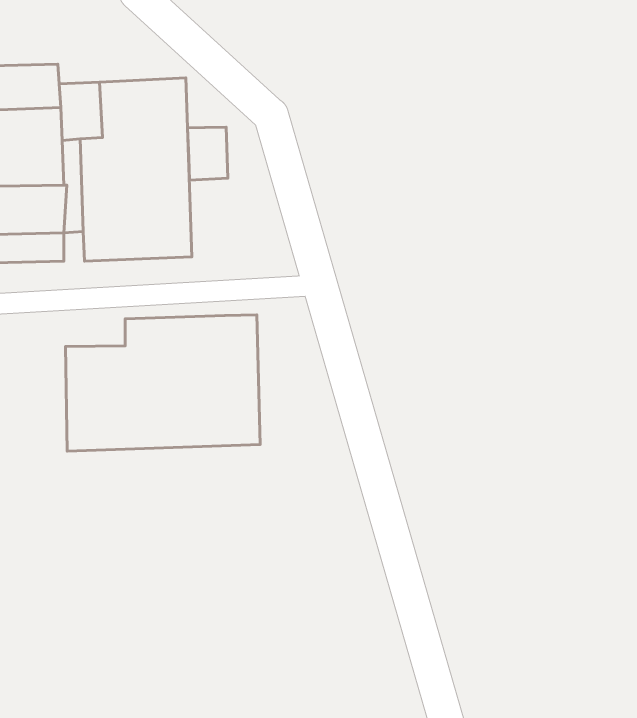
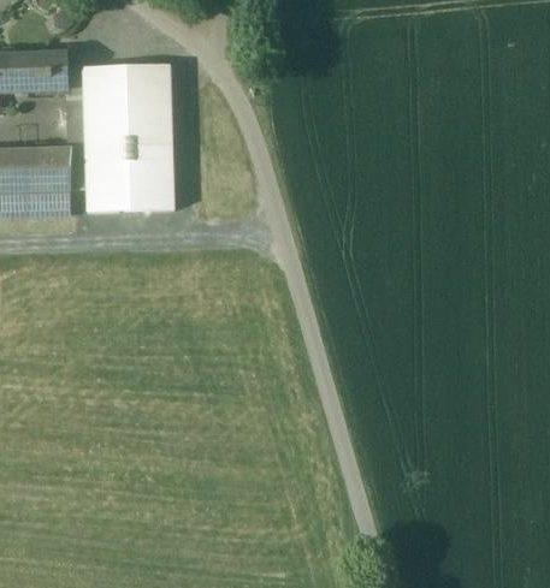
building: [188,127,228,180] -> none
building: [66,315,260,451] -> none

